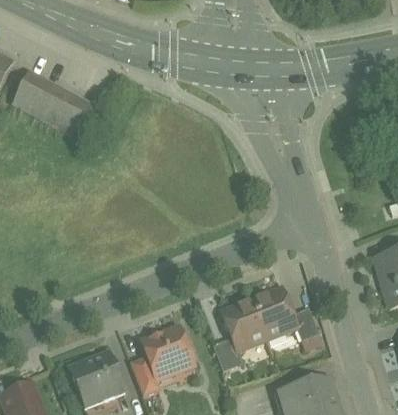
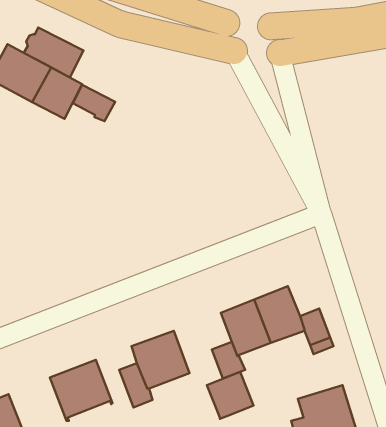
building: none -> [24,27,84,77]
building: none -> [73,85,115,121]
building: none -> [207,372,253,419]

